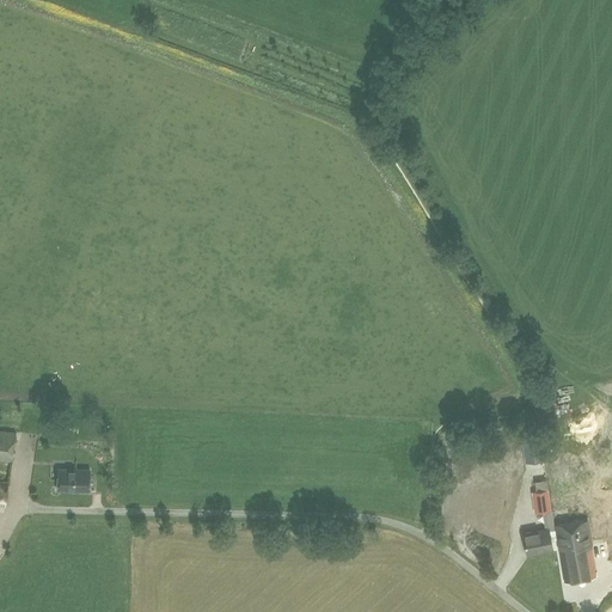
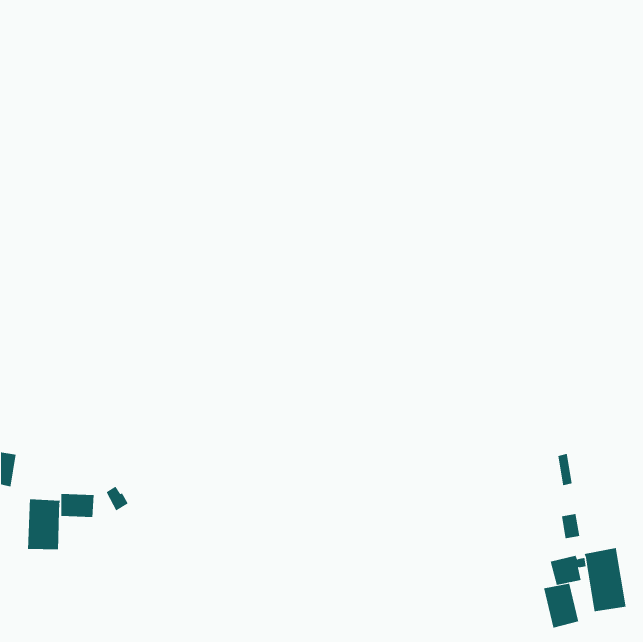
building: none -> [27,498,60,550]
building: none -> [544,583,579,628]

